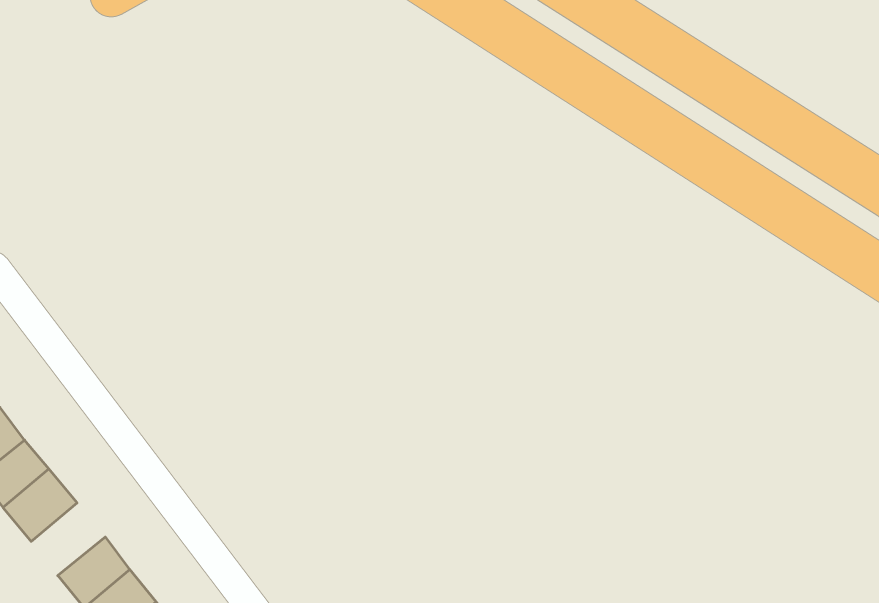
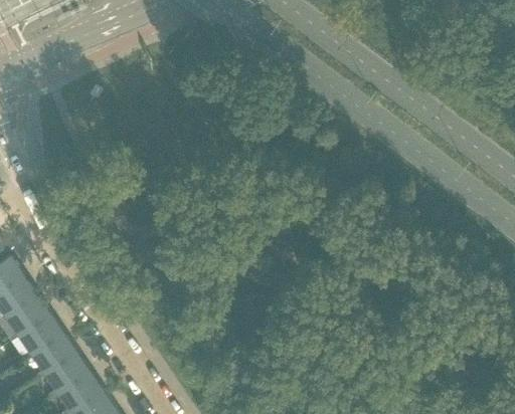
building: none -> [20,314,61,353]

